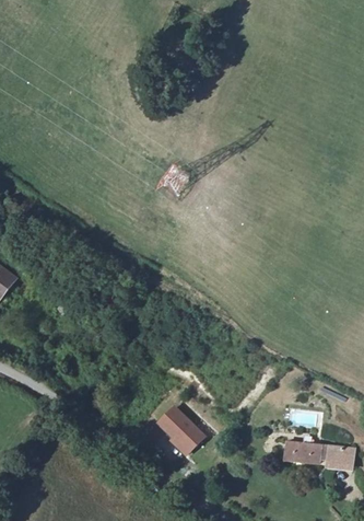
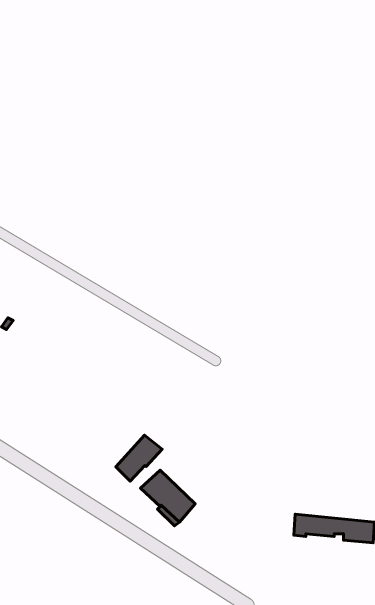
building: none -> [116,435,162,481]

